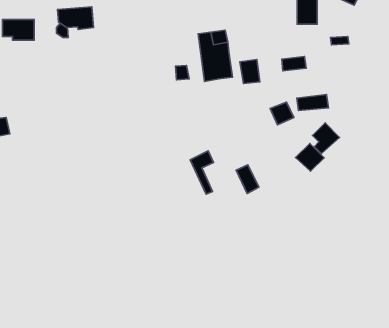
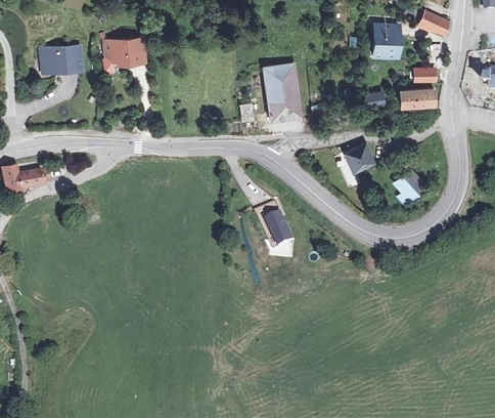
building: [240,60,260,83] -> none
building: [297,94,328,111] -> [401,89,437,108]
building: [296,143,324,171] -> none
building: [236,165,259,194] -> [268,214,294,247]

